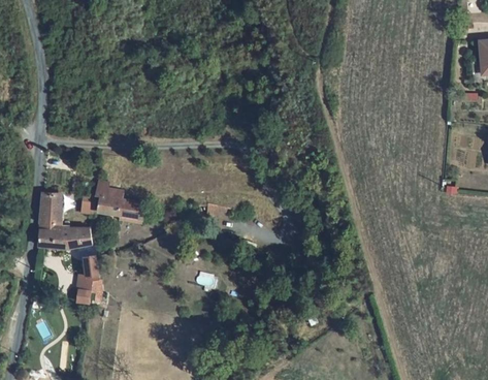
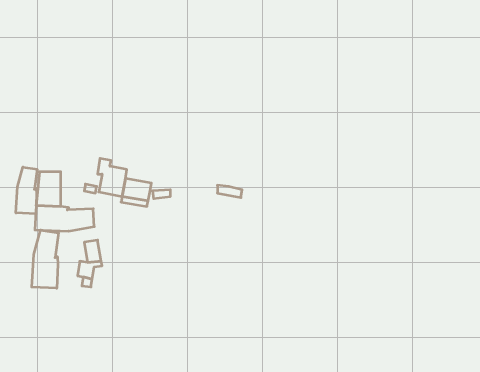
building: none -> [16,167,37,214]
building: none -> [32,230,59,288]

